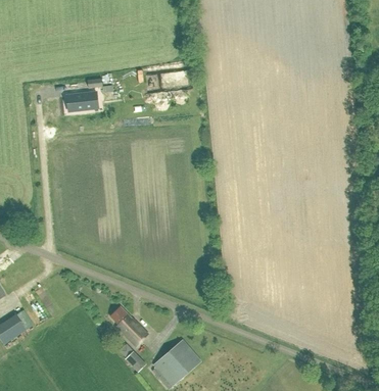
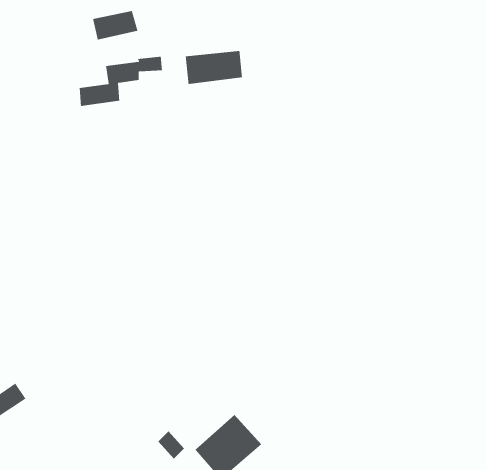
building: none -> [92,10,138,41]
building: [109,305,148,346] -> none

